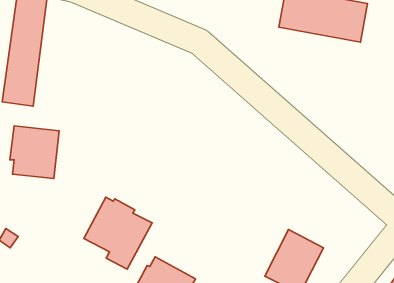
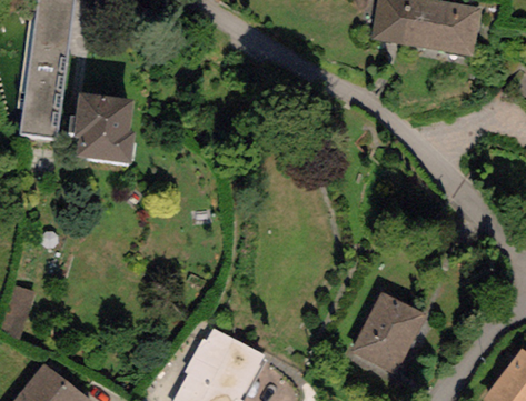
building: [10,126,59,178] -> [72,93,135,160]
building: [84,197,152,269] -> none

